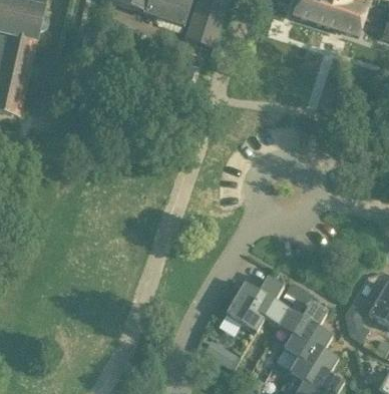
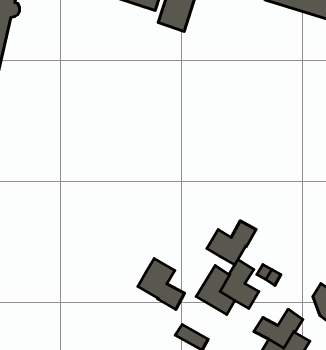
building: none -> [207,221,256,265]
building: none -> [138,258,184,309]
building: [278,302,327,342] -> none

